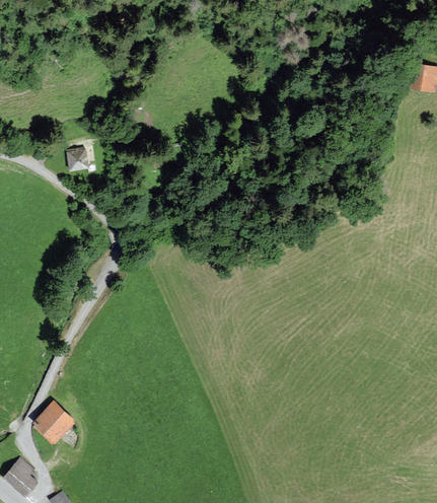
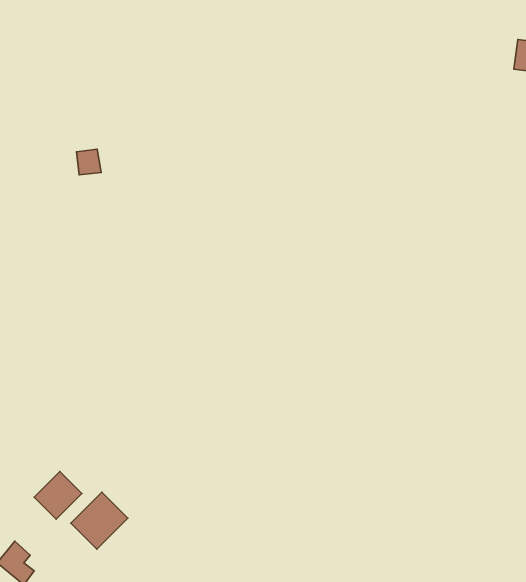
building: none -> [71,492,128,549]

